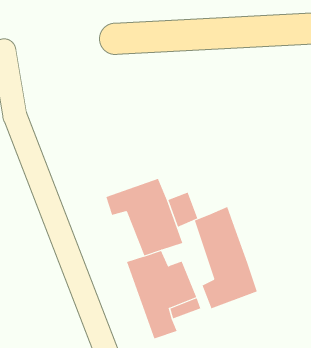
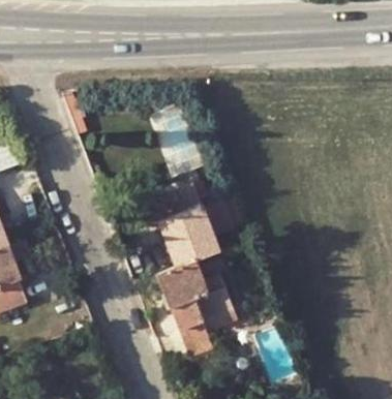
building: [194,206,257,309] -> none

